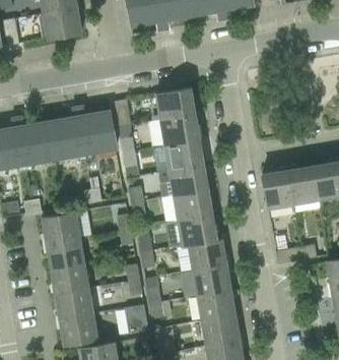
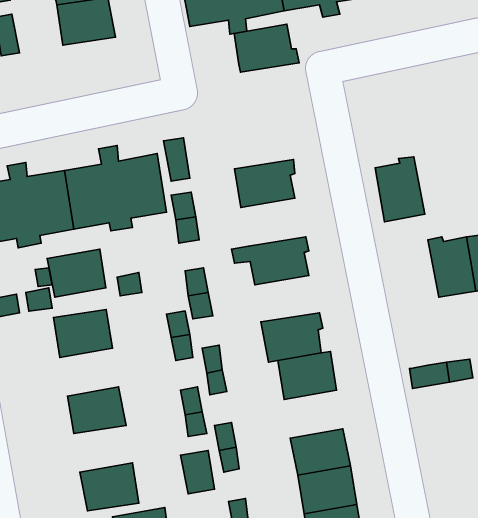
building: [156,88,199,120] -> [234,24,299,72]
building: [164,139,207,171] -> none
building: [262,167,294,209] -> [375,157,425,222]
building: [174,190,216,221] -> none
building: [46,238,84,269] -> [47,249,106,297]
building: [193,265,231,297] -> none
building: [55,289,93,319] -> none

